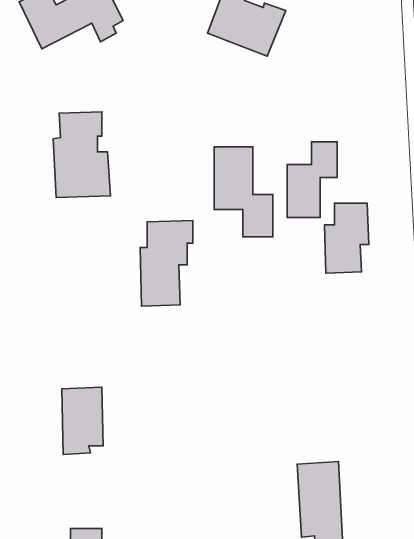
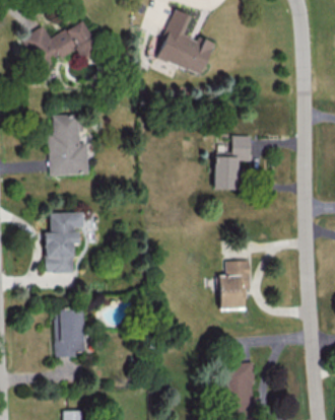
building: [214,147,273,237] -> none
building: [324,203,369,273] -> [219,260,251,309]
building: [140,220,193,306] -> [46,212,83,273]

